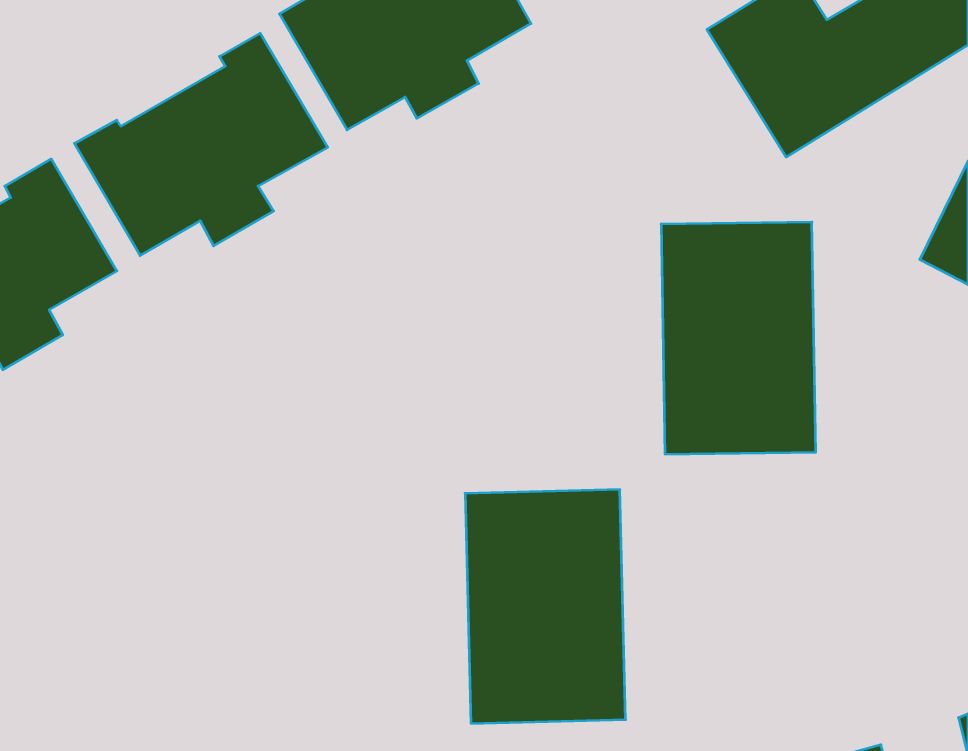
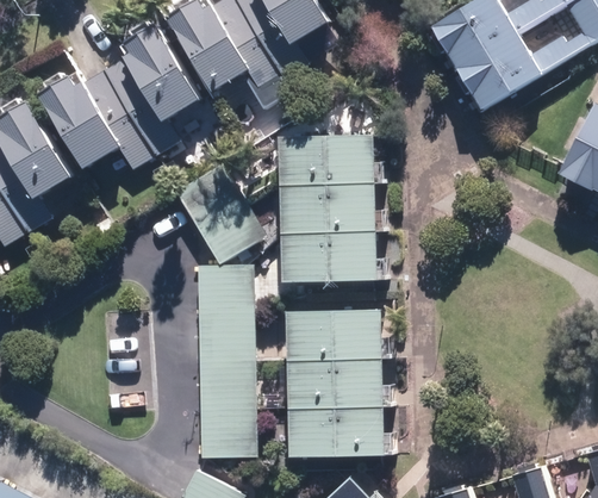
building: [661,222,816,454] -> [282,136,378,279]
building: none -> [175,166,258,260]
building: none -> [197,270,253,459]

